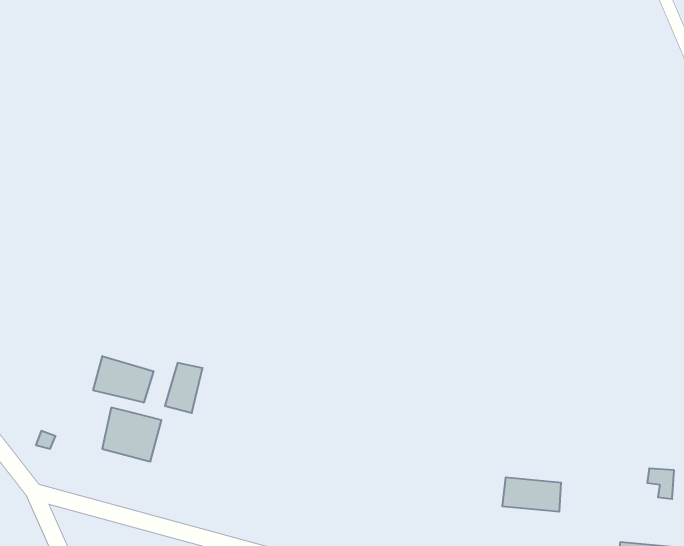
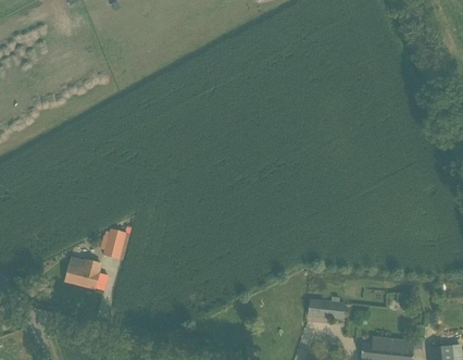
building: [93,356,154,403] -> none

